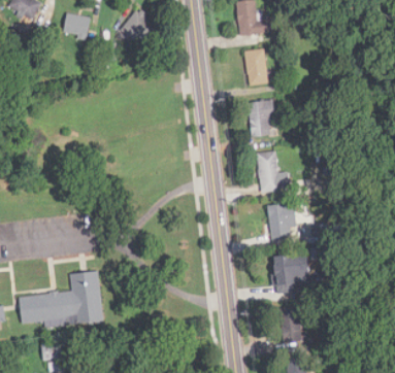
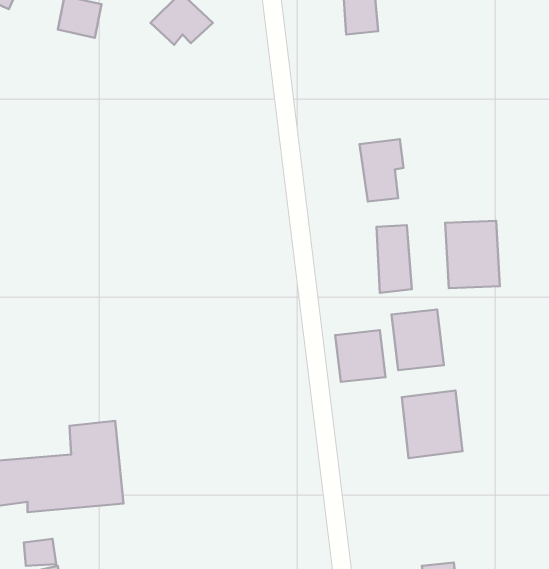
building: [245,48,268,84] -> none
building: none -> [445,221,500,288]
building: none -> [335,330,385,382]
building: [279,307,300,340] -> none

